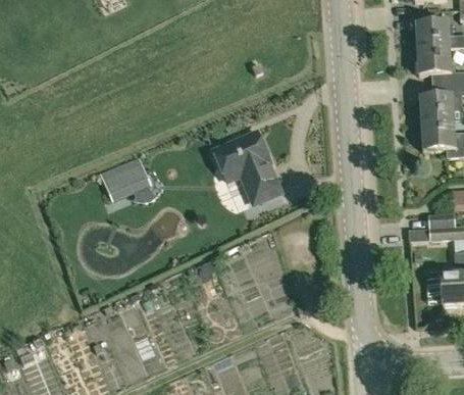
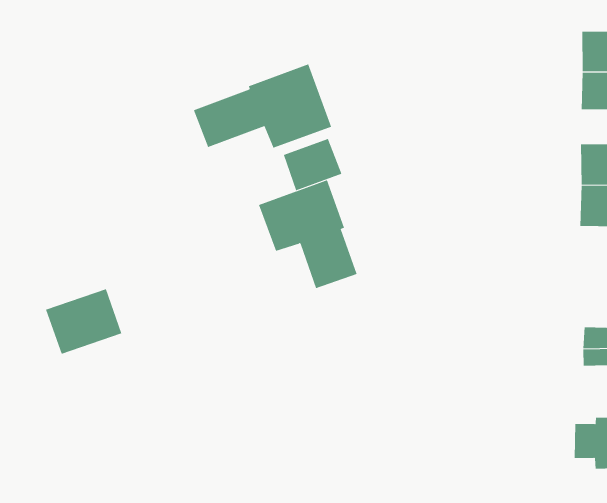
building: none -> [193,63,332,148]
building: none -> [283,138,342,191]
building: [101,154,152,199] -> [45,288,122,355]

